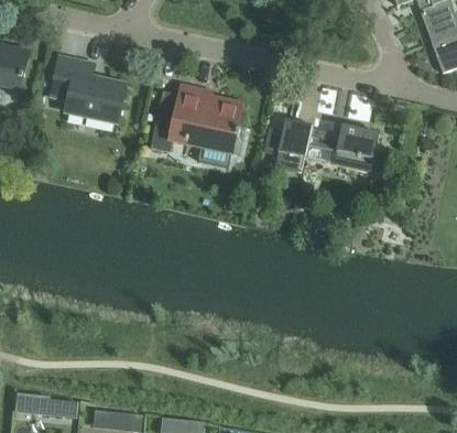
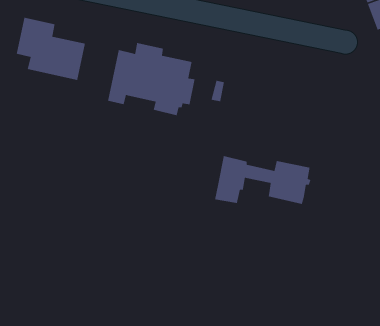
building: [275,117,381,171] -> [214,155,312,205]

